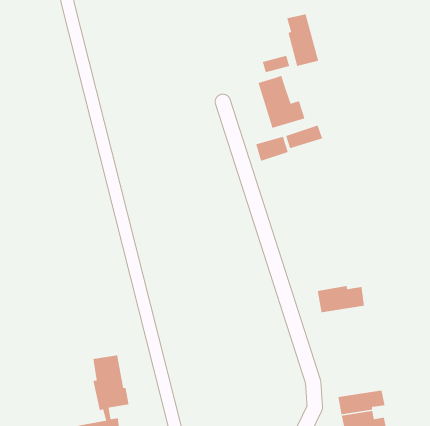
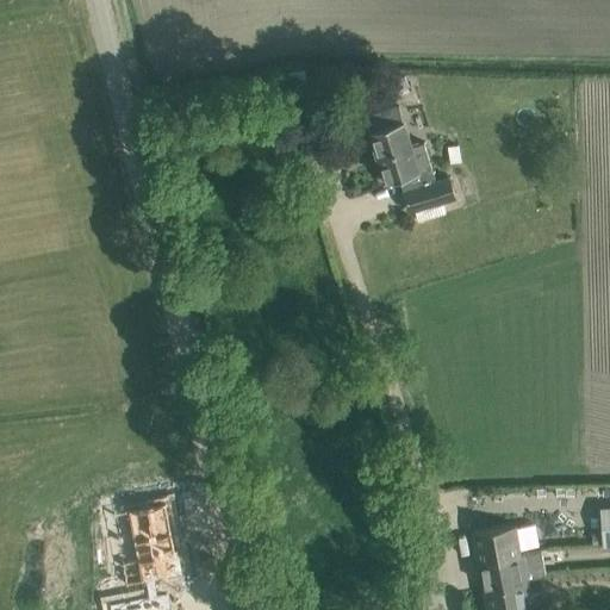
building: [286,14,319,67] -> none
building: [255,136,289,162] -> none
building: [317,285,365,313] -> [472,528,540,567]

